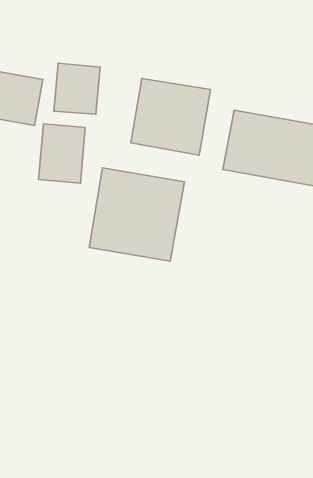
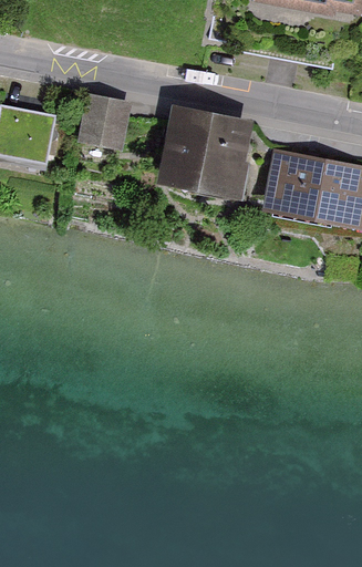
building: [39,124,85,183] -> none
building: [89,168,184,261] -> none

